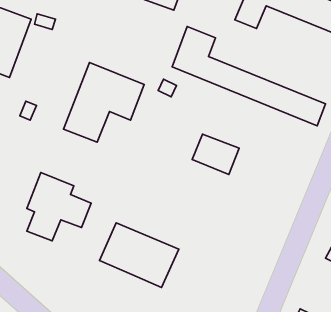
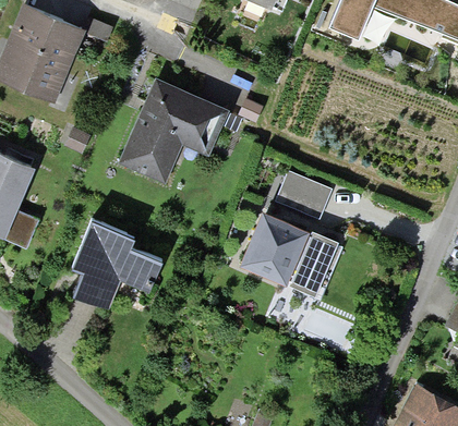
building: [172,26,325,126] -> none
building: [100,223,179,288] -> [243,214,342,294]

